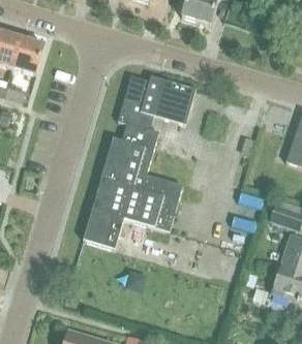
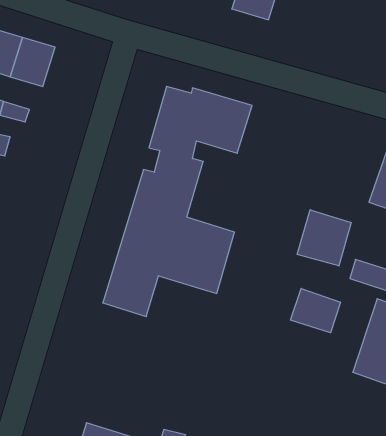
building: none -> [297,210,351,266]
building: none -> [291,288,340,333]

